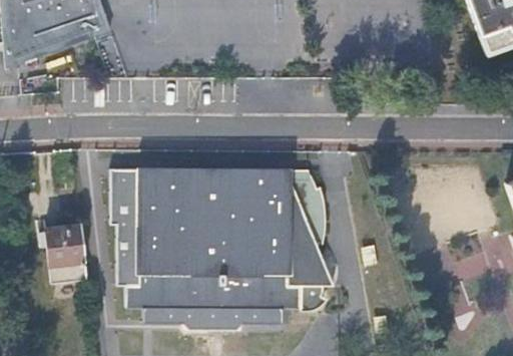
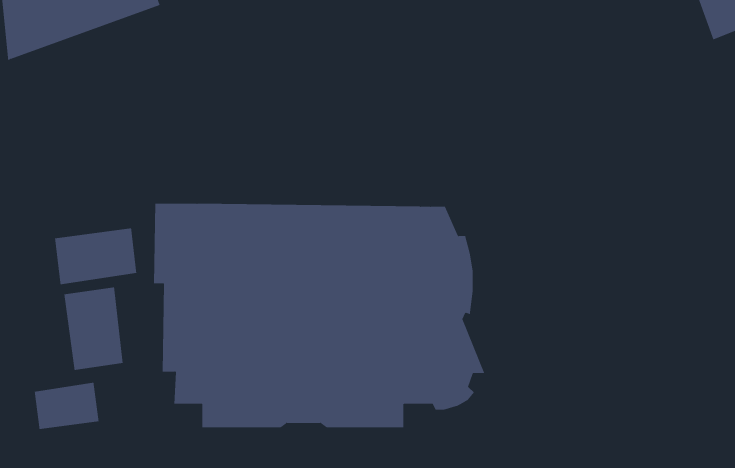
building: none -> [54,227,137,285]
building: none -> [34,382,99,430]

